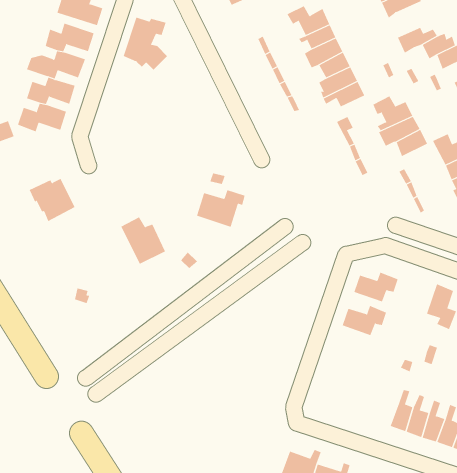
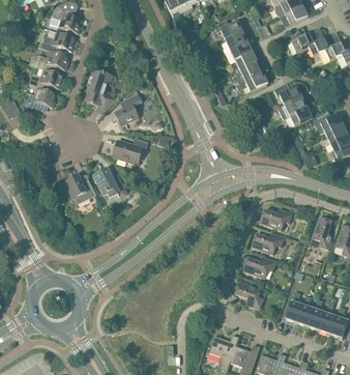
building: [123,17,168,71] -> [84,70,116,109]
building: none -> [115,93,143,124]
building: [29,178,75,222] -> [63,173,96,204]
building: [196,190,246,227] -> [113,137,148,164]
building: none -> [243,256,275,277]
building: none -> [235,281,263,308]

